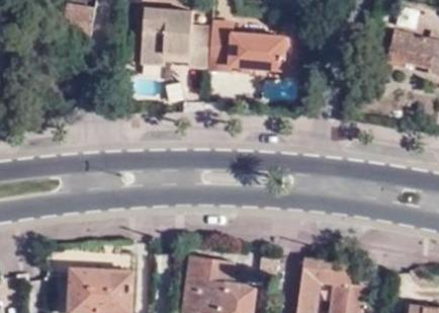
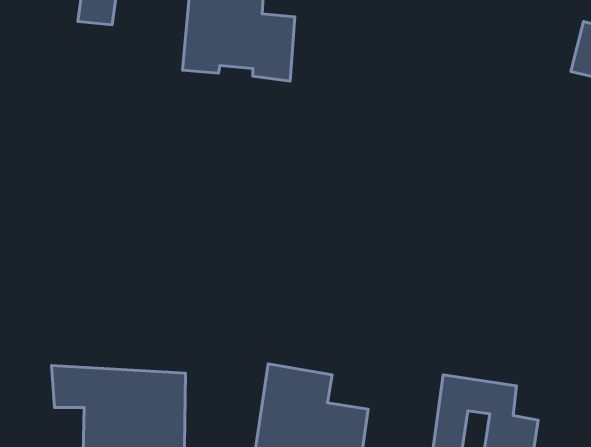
building: [205,22,283,71] -> none

